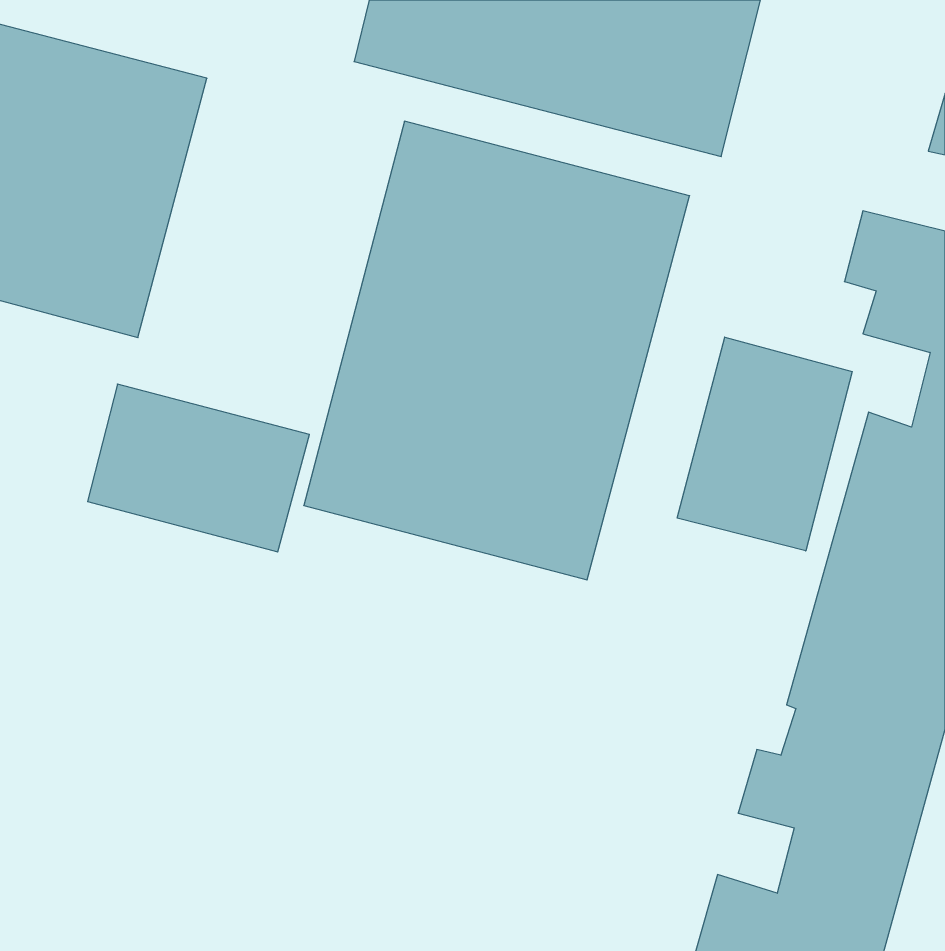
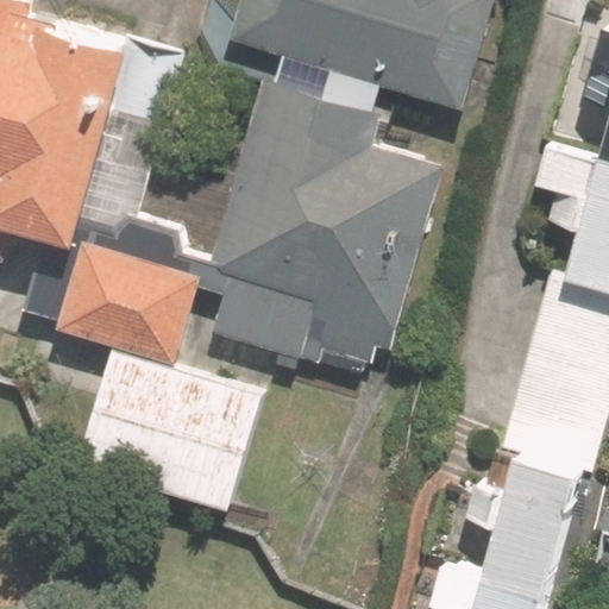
building: [677,337,852,551] -> none
building: none -> [92,358,263,504]

